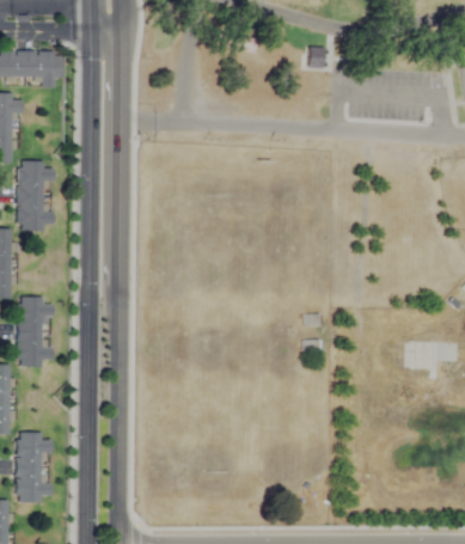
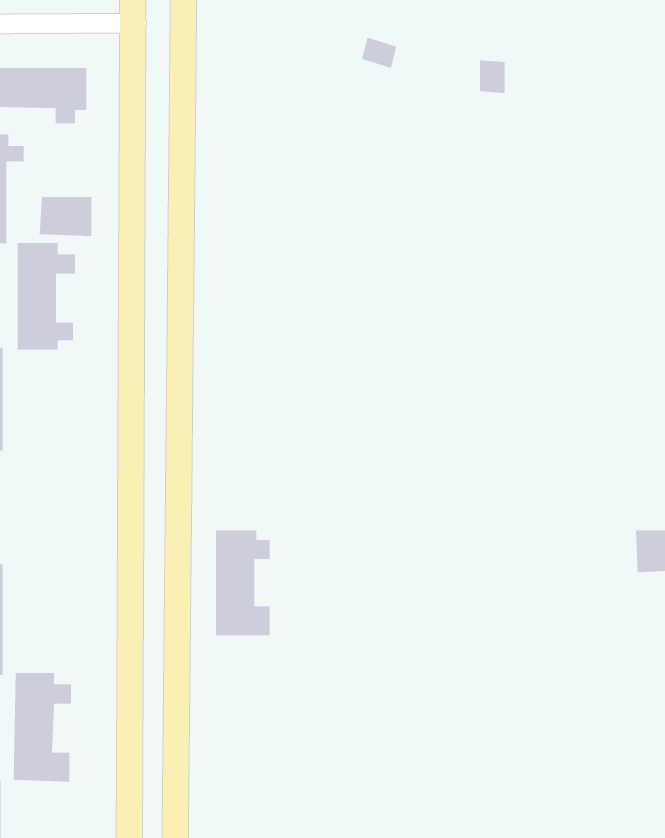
building: none -> [39,196,92,237]
building: [19,297,54,363] -> [215,530,270,636]

